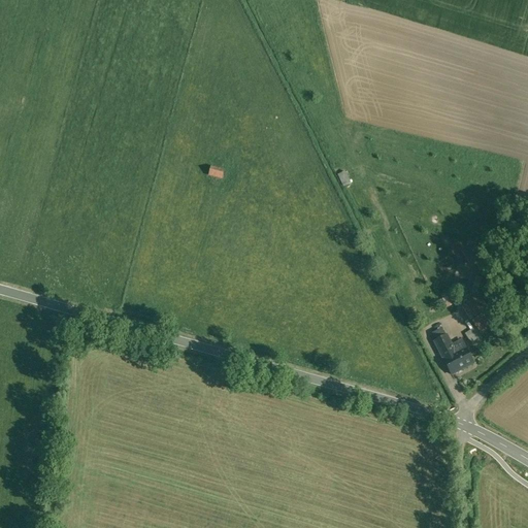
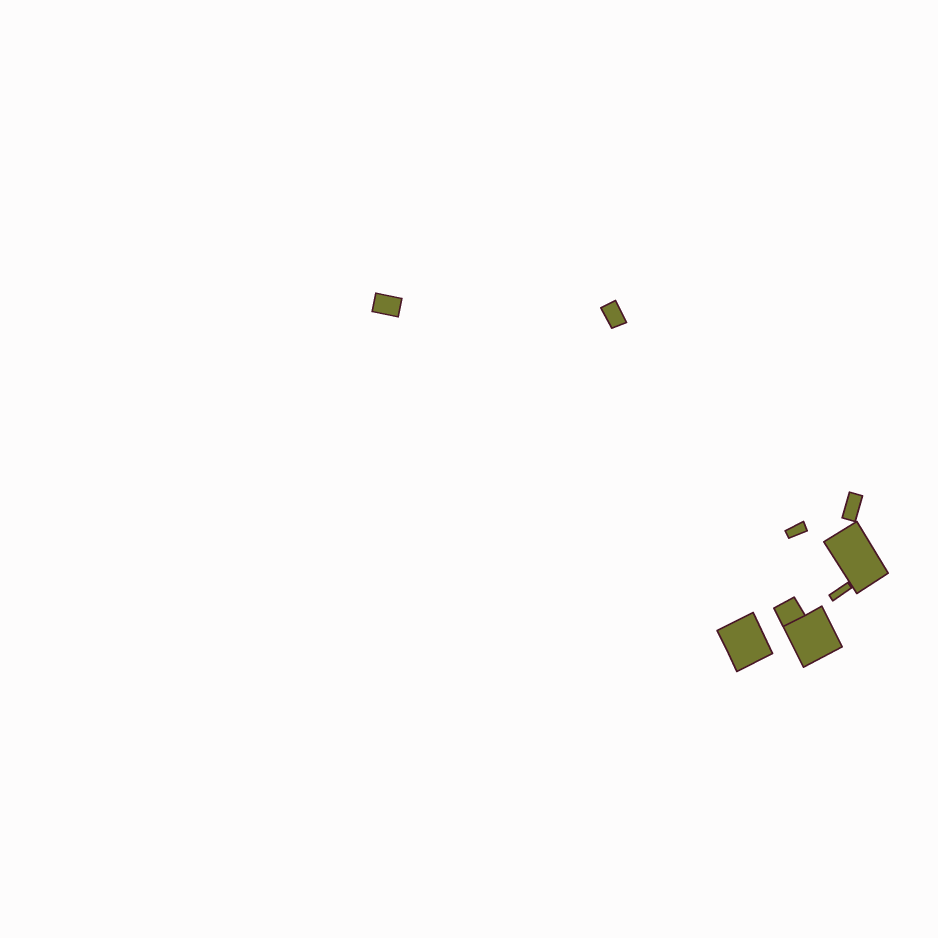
building: none -> [717,613,773,671]

